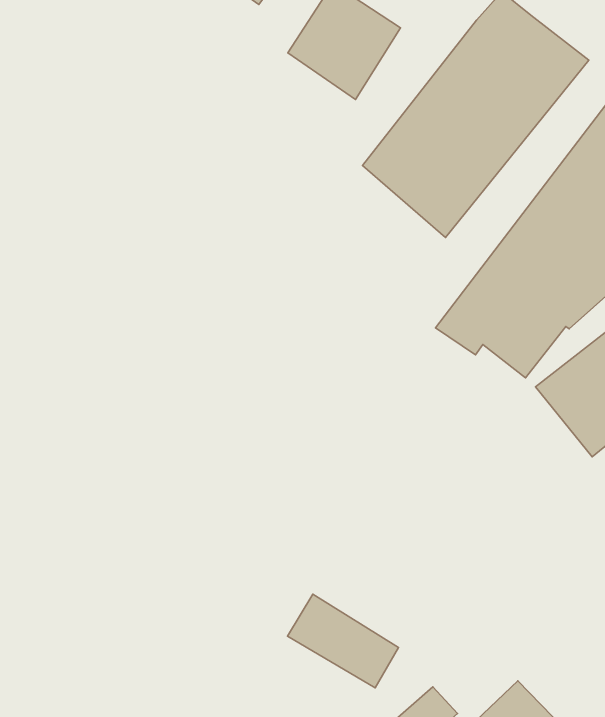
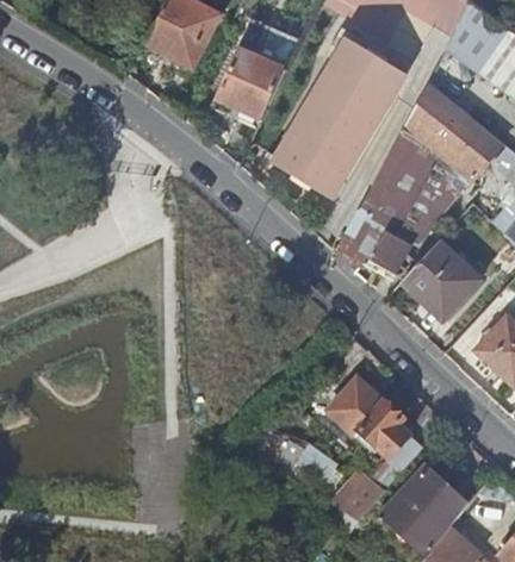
building: none -> [328,377,410,457]

